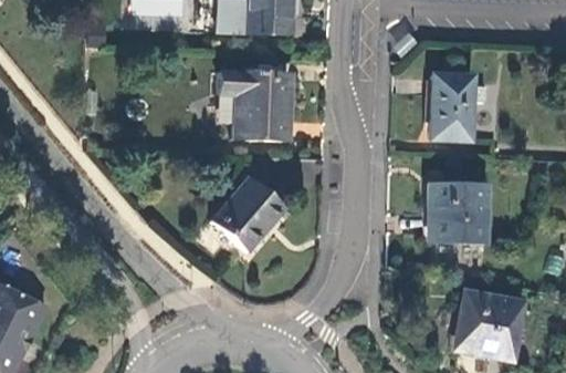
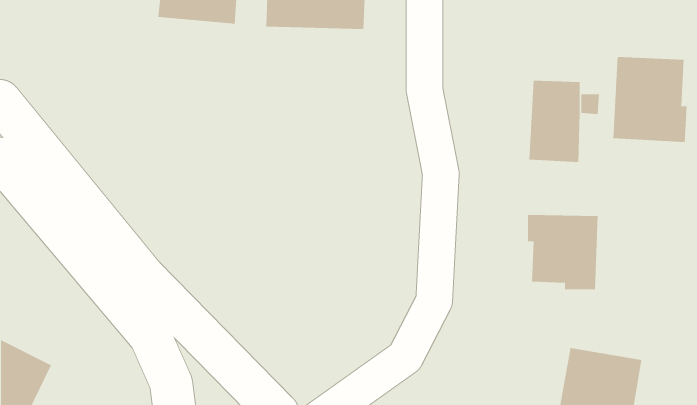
building: none -> [613,56,687,143]
building: [217,71,297,141] -> none
building: [209,176,289,256] -> none

